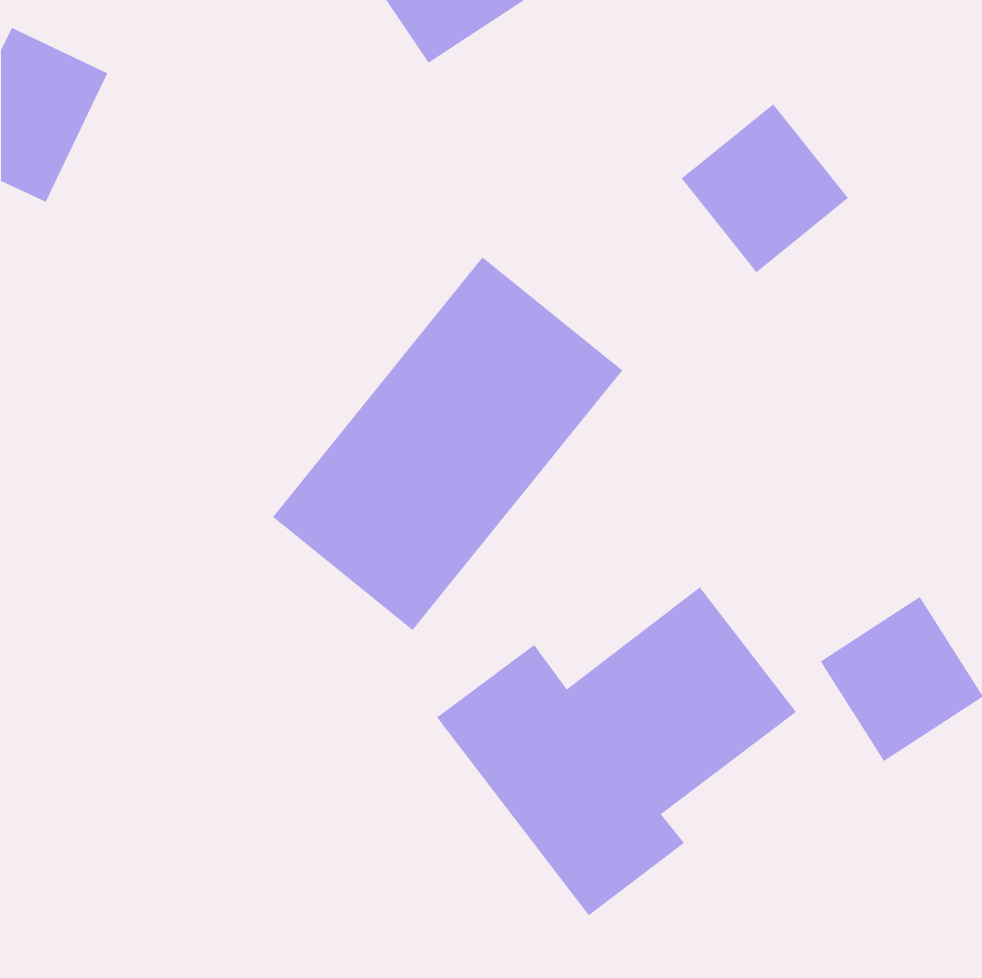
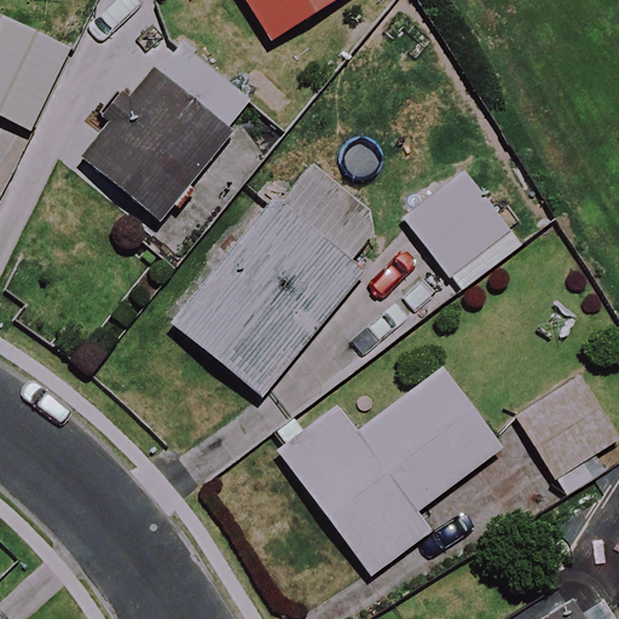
building: [681,103,849,273] -> [405,169,510,276]
building: none -> [81,70,228,220]

